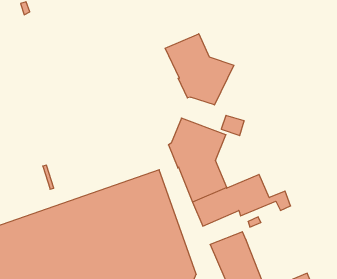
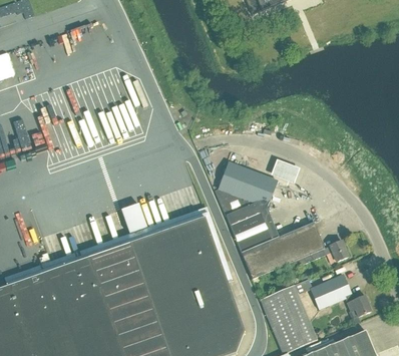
building: [165,34,234,105] -> none
building: none -> [310,273,371,316]

